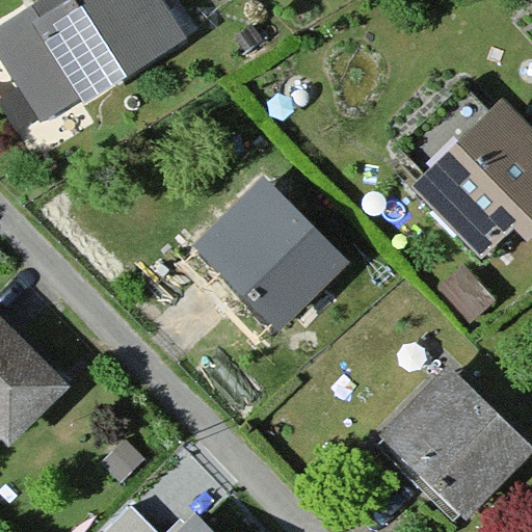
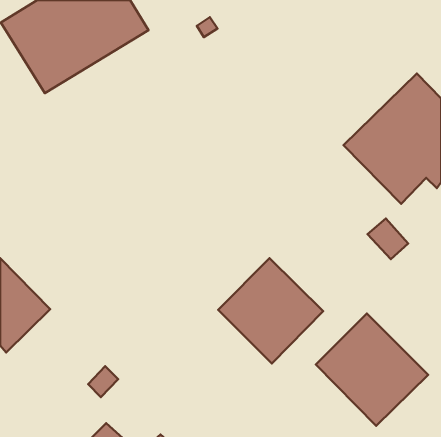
building: [204,183,341,319] -> none
building: none -> [218,258,323,363]

